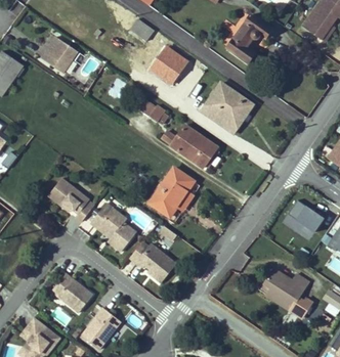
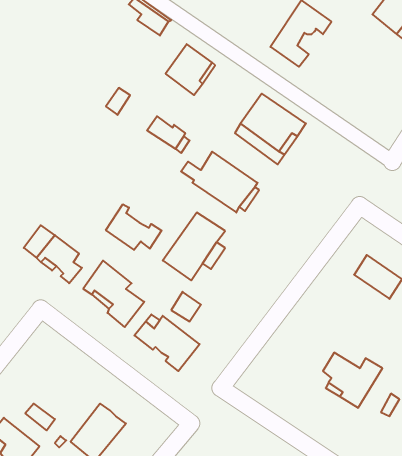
building: [41,39,77,75] -> none
building: none -> [106,204,162,250]
building: [52,273,93,312] -> none

